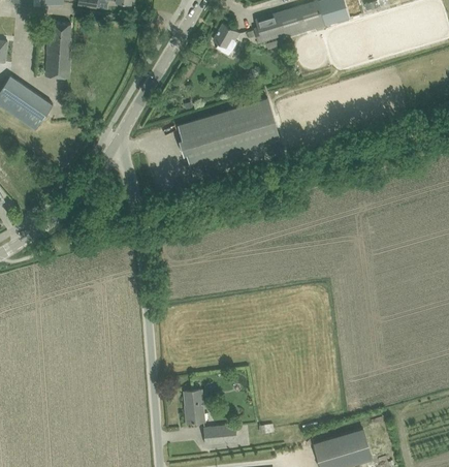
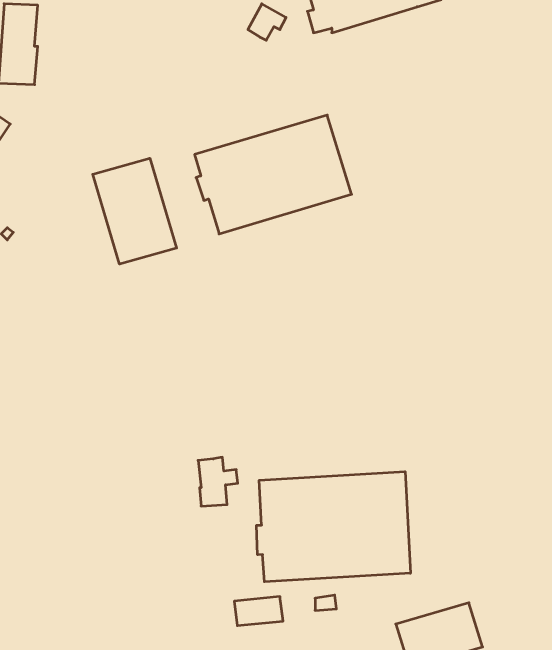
building: none -> [93,158,177,264]
building: none -> [257,472,410,582]
building: [184,390,211,423] -> [198,457,238,506]

